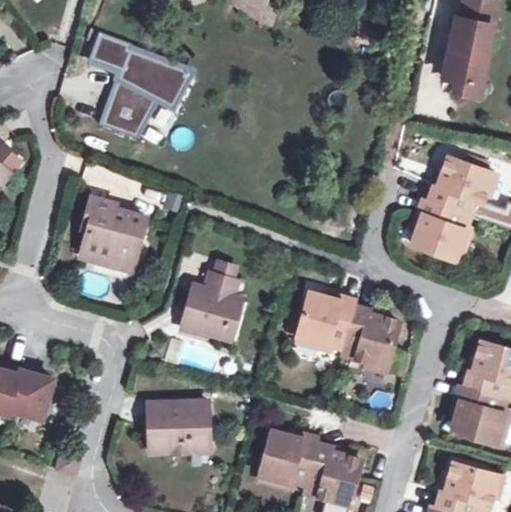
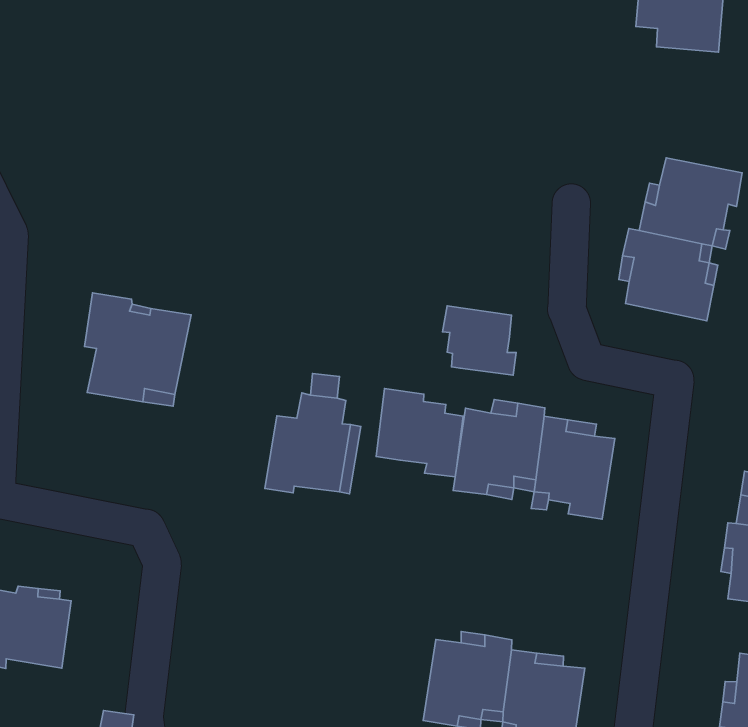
building: [88,30,192,136] -> none
building: none -> [443,306,516,375]
building: none -> [376,389,463,477]
building: [149,399,211,452] -> none

